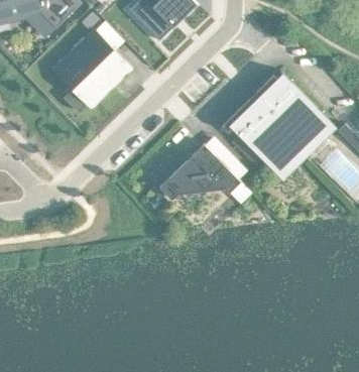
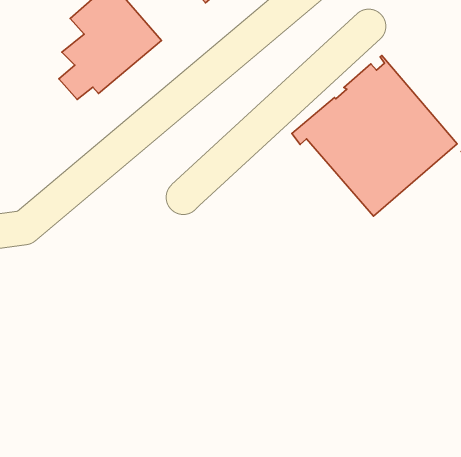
building: [158,143,240,199] -> none

